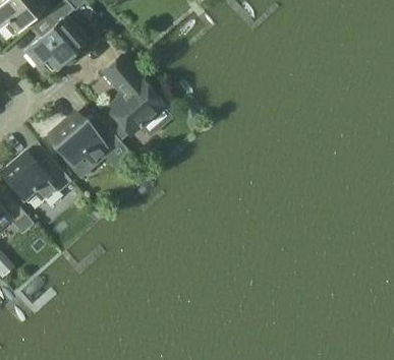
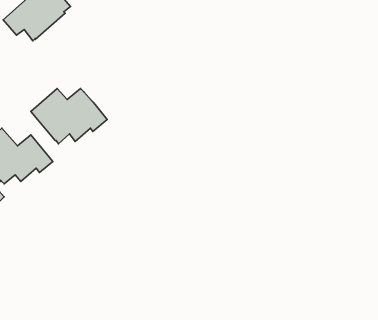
building: [101,55,165,137] -> none

